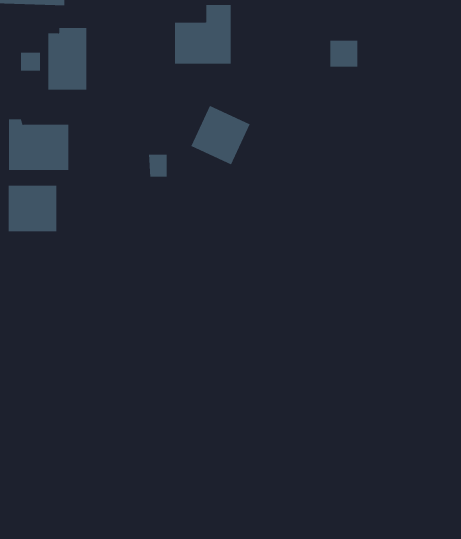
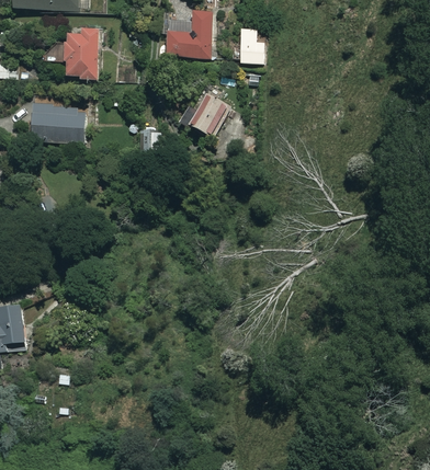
building: [330,40,358,67] -> [239,41,262,62]
building: [8,185,57,232] -> none

